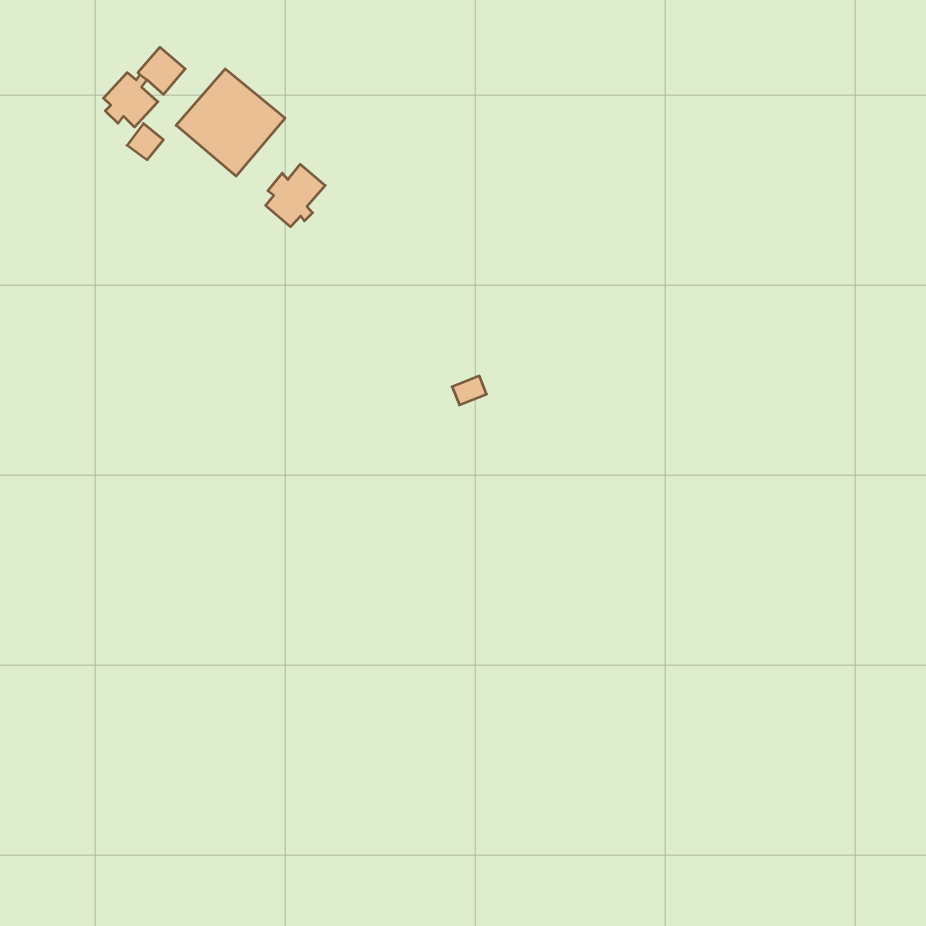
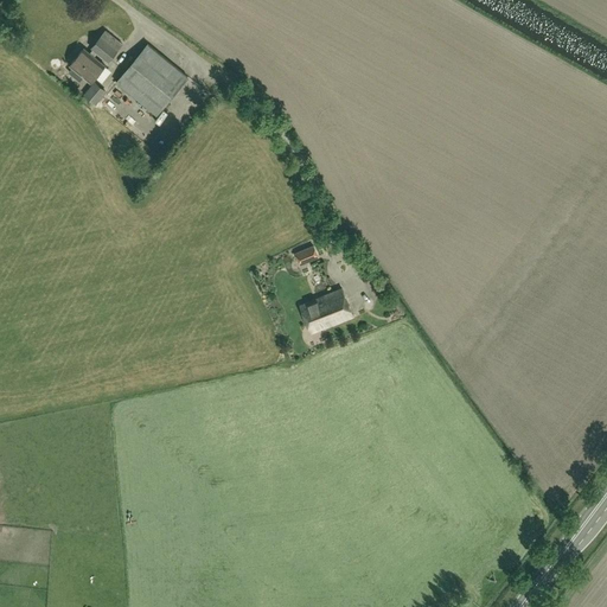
building: [266,164,325,227] -> none
building: none -> [299,289,352,334]

